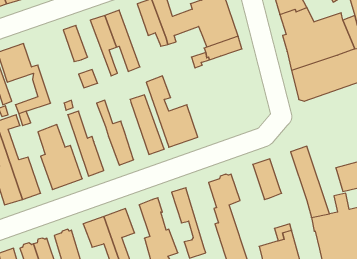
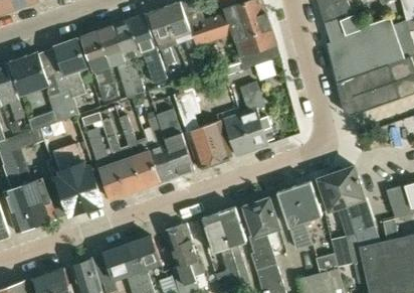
building: none -> [147,7,176,63]
building: none -> [95,25,137,97]
building: none -> [53,37,87,118]
building: none -> [223,81,278,155]
building: none -> [144,117,177,181]
building: none -> [102,120,144,193]
building: none -> [318,172,367,283]
building: none -> [277,186,312,249]
building: none -> [218,207,249,285]

